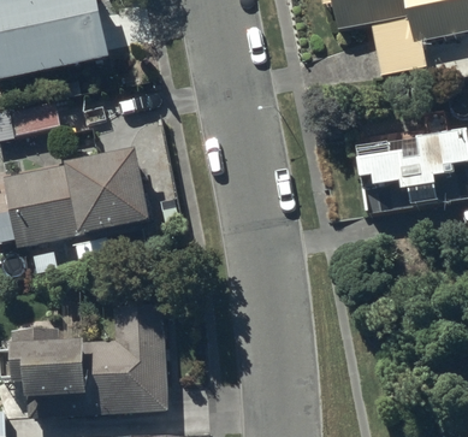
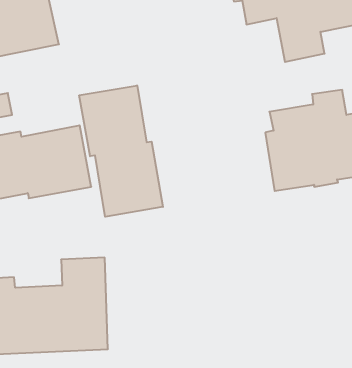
building: none -> [79,85,163,217]

